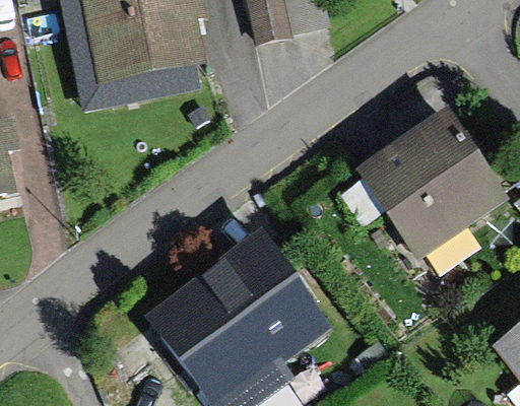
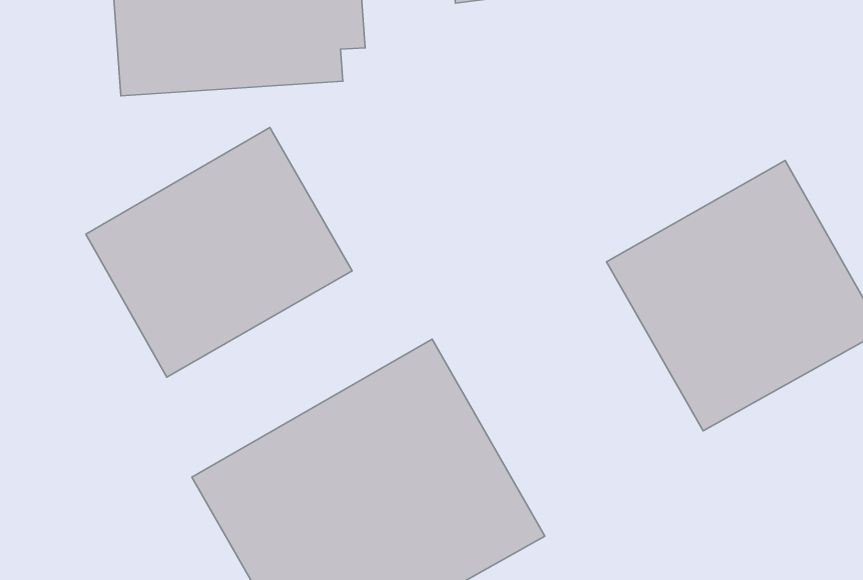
building: none -> [86,127,352,377]

